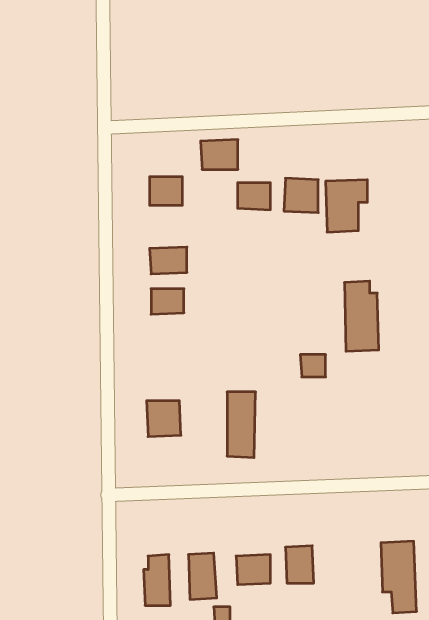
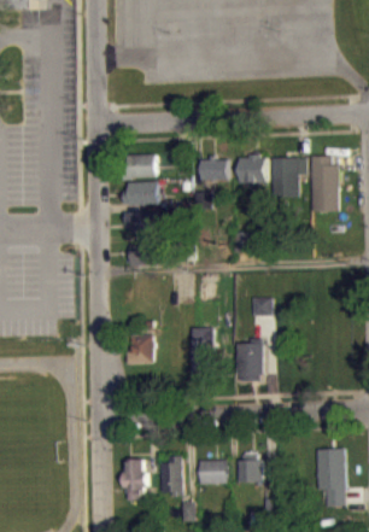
building: [201,140,238,169] -> [127,181,157,205]
building: [344,281,379,351] -> [309,156,336,212]
building: none -> [238,344,263,381]

